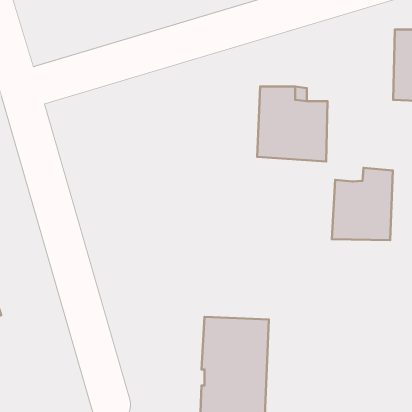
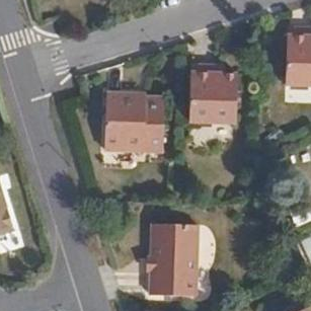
building: none -> [103,93,164,151]
building: [332,168,393,240] -> none

